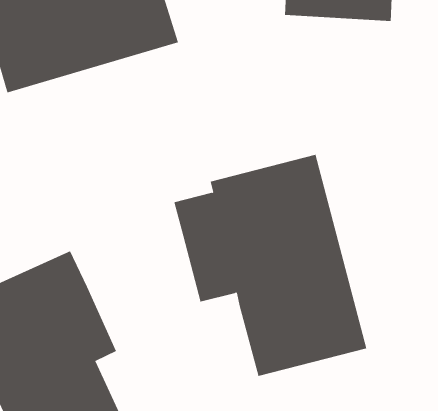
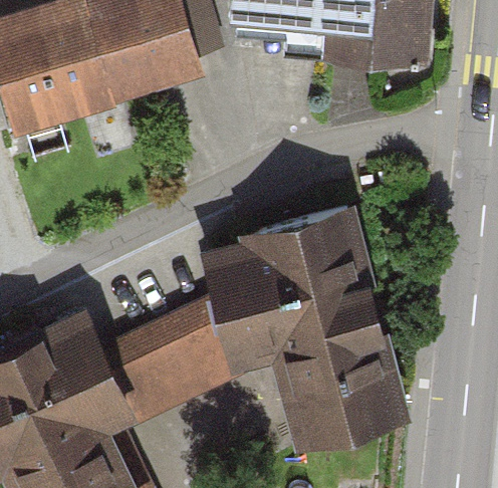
building: none -> [101,293,268,421]

